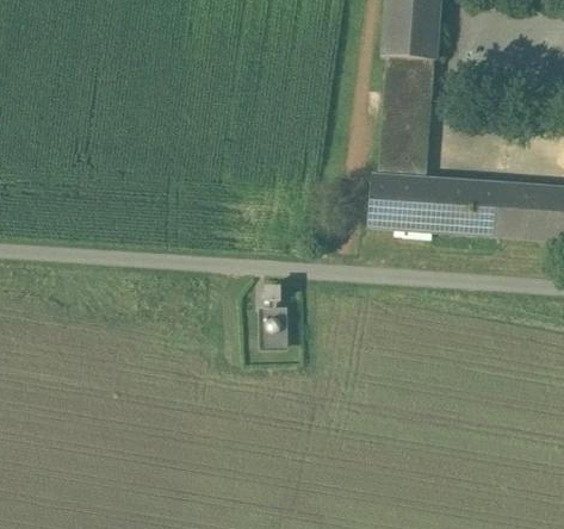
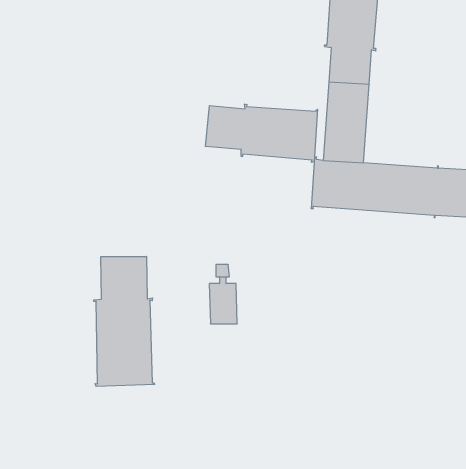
building: none -> [205,104,317,162]
building: none -> [94,256,155,386]

